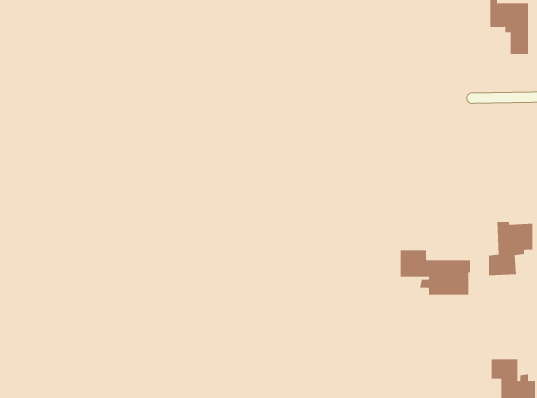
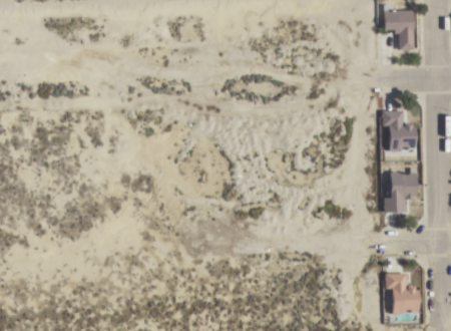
building: none -> [383,111,415,150]
building: [400,250,471,295] -> none

